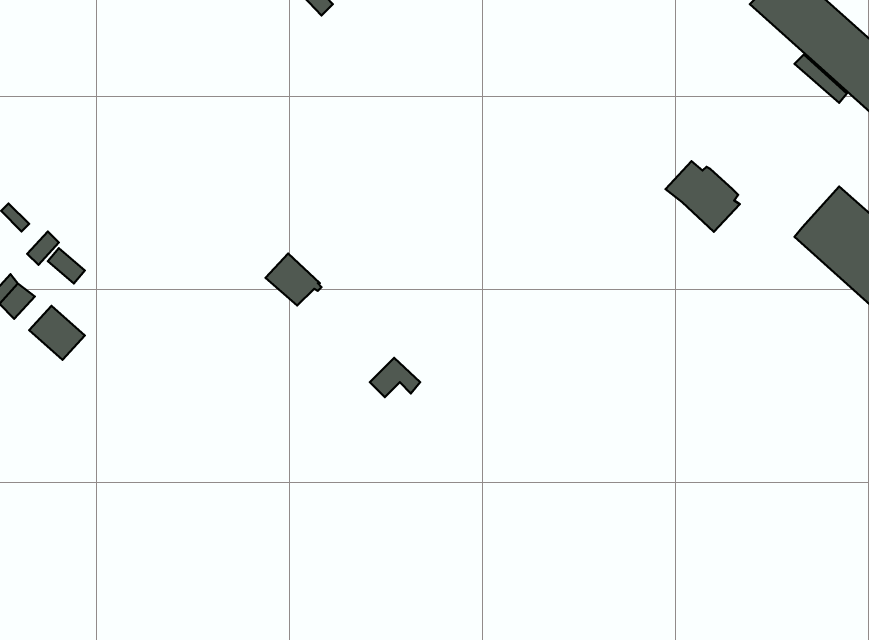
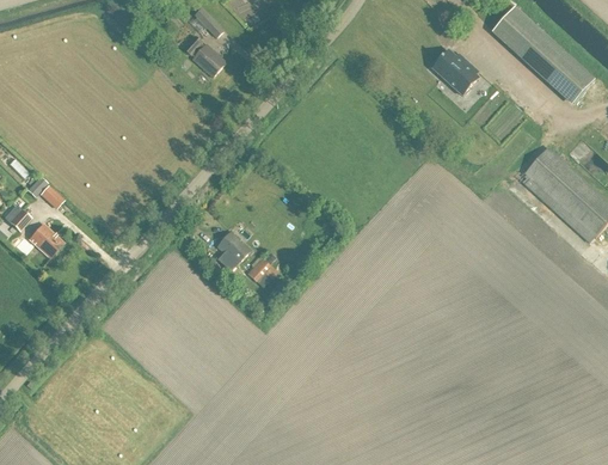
building: none -> [183,35,226,77]
building: [665,161,740,232] -> [431,50,479,96]
building: [266,254,322,306] -> [216,231,252,264]

